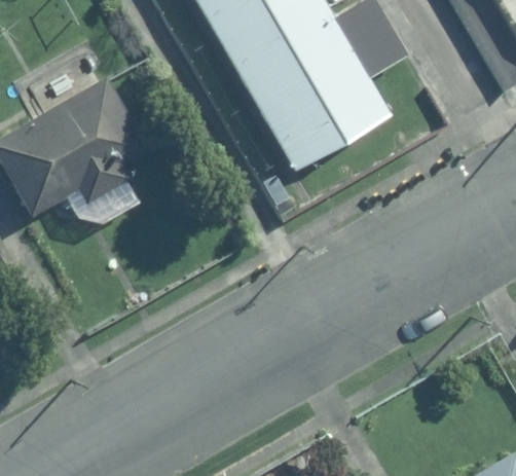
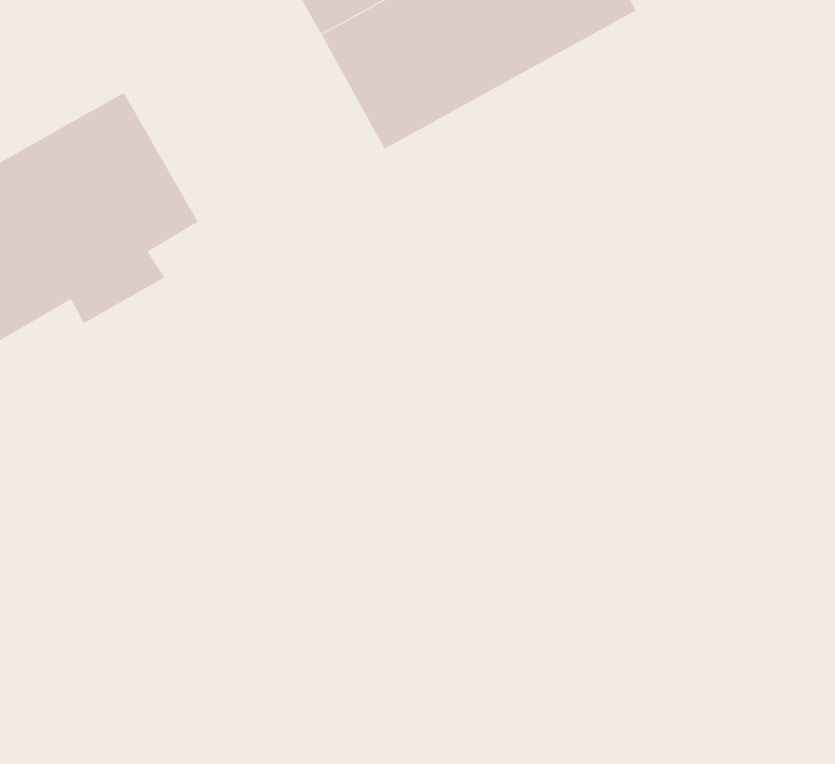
building: [255,31,411,173] -> none

